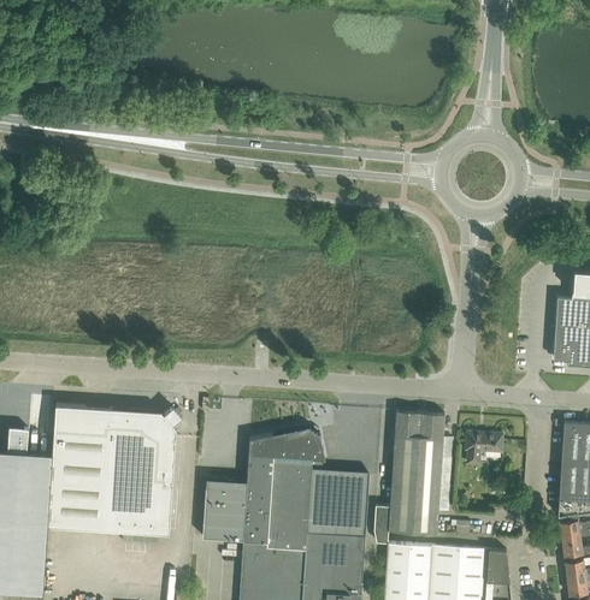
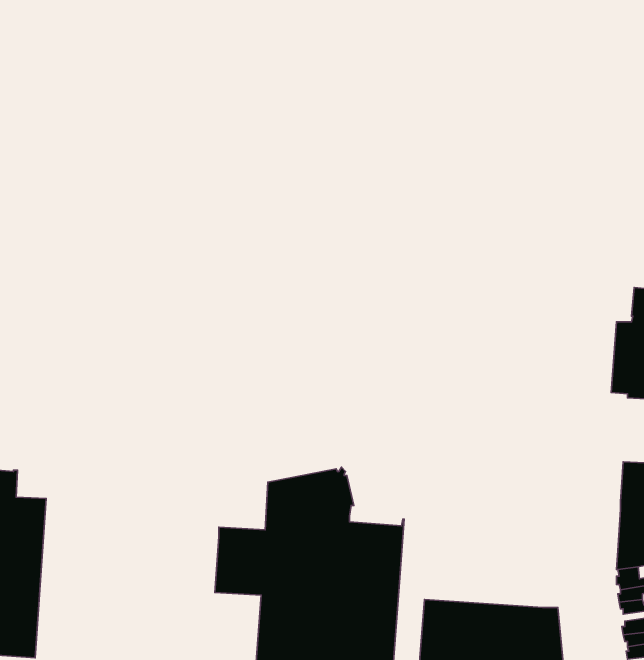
building: [48,406,182,536] -> none
building: [373,412,444,545] -> none
building: [466,434,502,467] -> none

